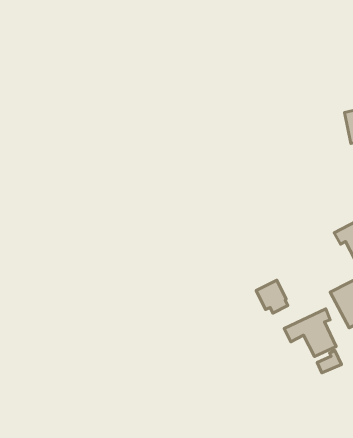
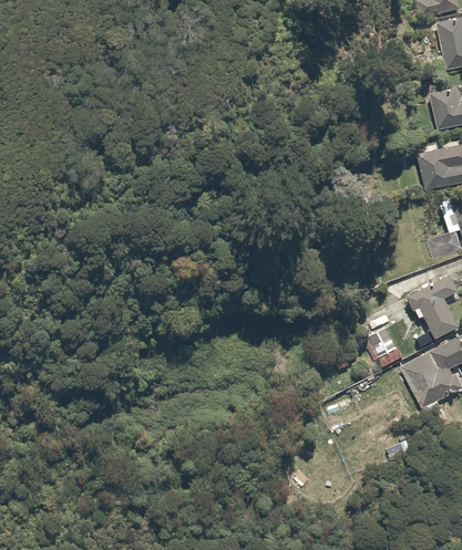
building: [256,280,288,313] -> [365,326,402,365]
building: [284,309,336,357] -> none

